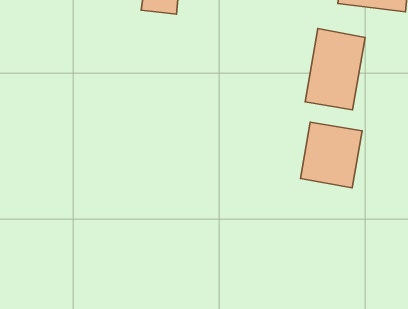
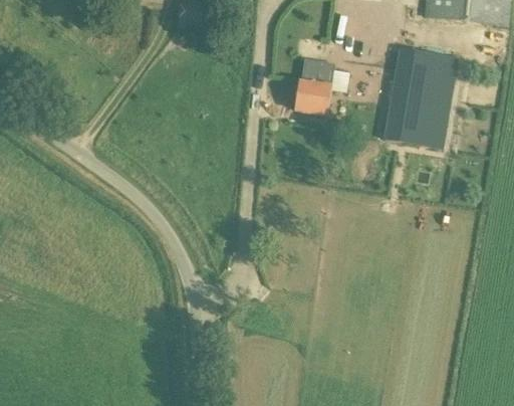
building: none -> [295,58,335,113]
building: [300,122,362,188] -> none

